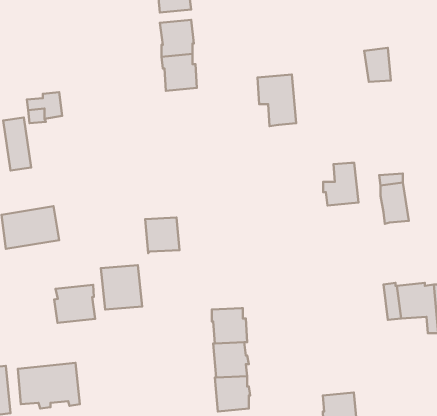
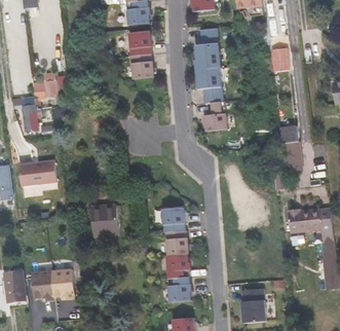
building: none -> [194,26,221,68]
building: [323,163,359,206] -> [203,100,228,130]
building: [145,218,179,253] -> [161,206,185,230]
building: [54,285,95,323] -> none

